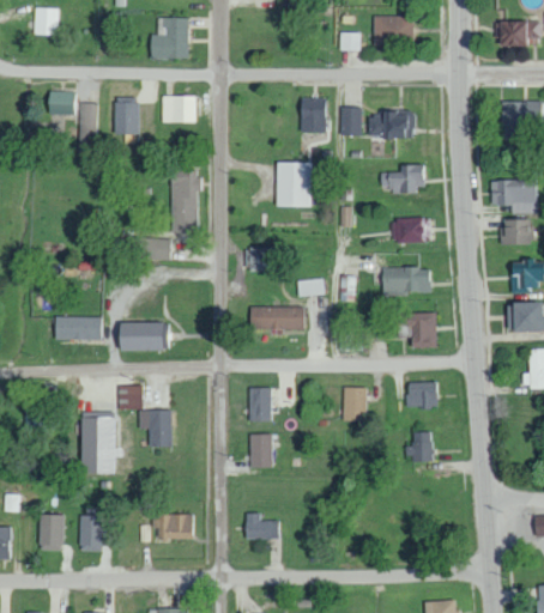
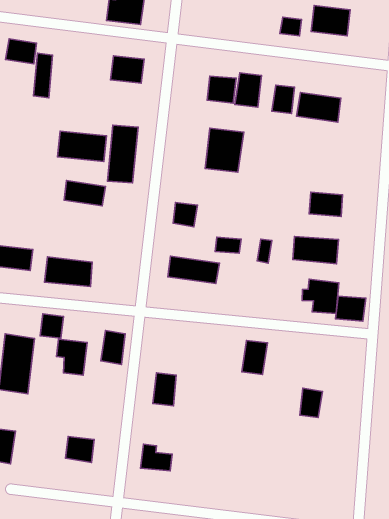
building: [114,102,139,134] -> none
building: none -> [207,76,236,103]
building: [381,165,427,194] -> none
building: none -> [58,131,107,162]
building: [406,381,436,407] -> [336,296,366,321]
building: [249,387,272,421] -> [101,330,125,364]

